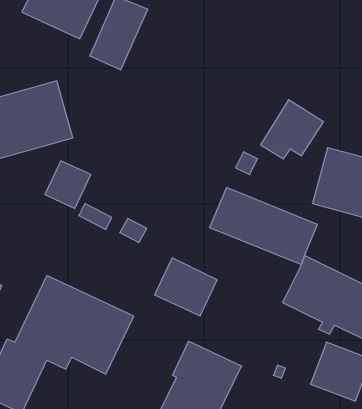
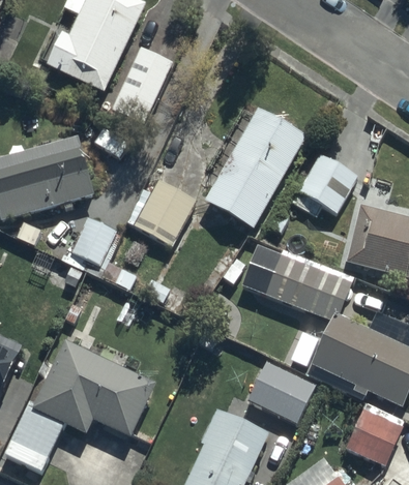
building: none -> [205,110,305,230]
building: none -> [124,178,198,248]
building: [154,258,217,316] -> [249,361,314,421]

